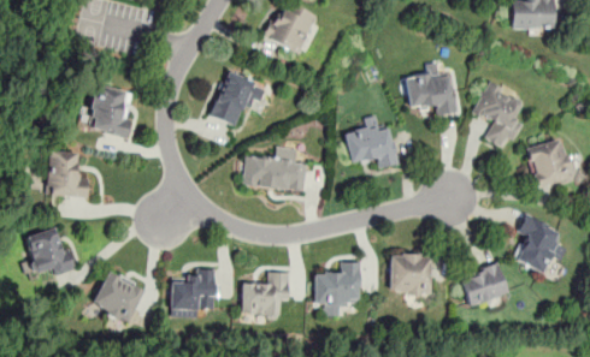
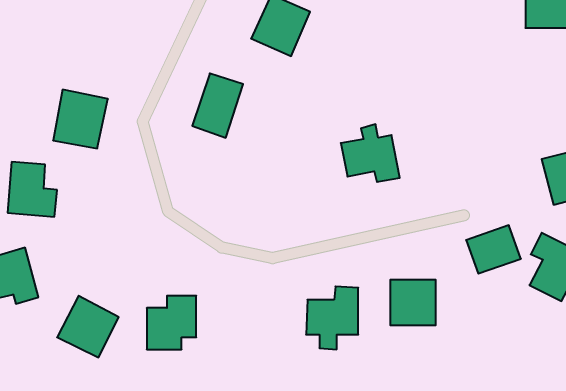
building: [406,61,458,115] -> none
building: [473,81,524,150] -> none
building: [243,145,308,191] -> none
building: [460,263,509,307] -> [466,225,521,274]
building: [242,272,289,316] -> none

